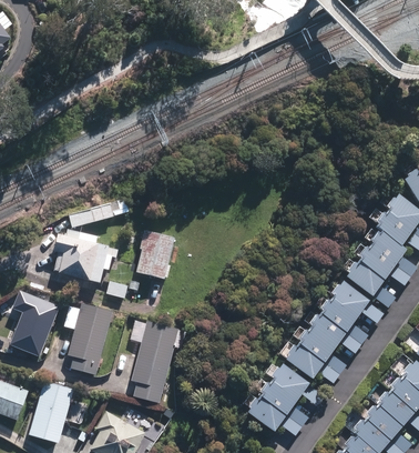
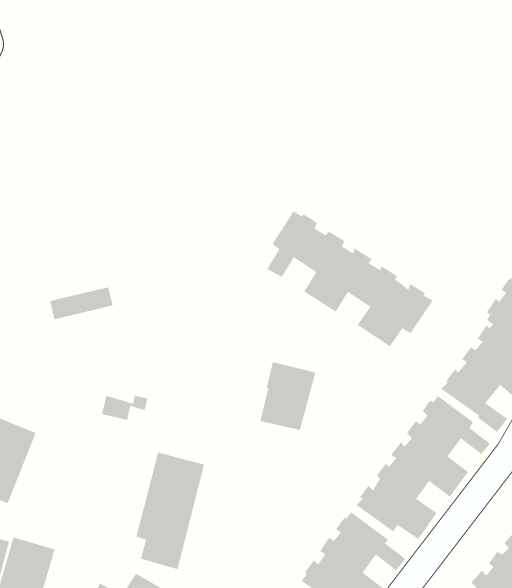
building: none -> [267,211,434,347]
building: [136,230,176,279] -> [260,361,316,431]
building: [55,233,111,282] -> none
building: [69,302,114,374] -> none

